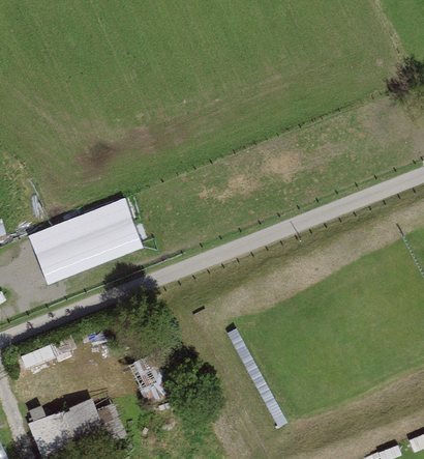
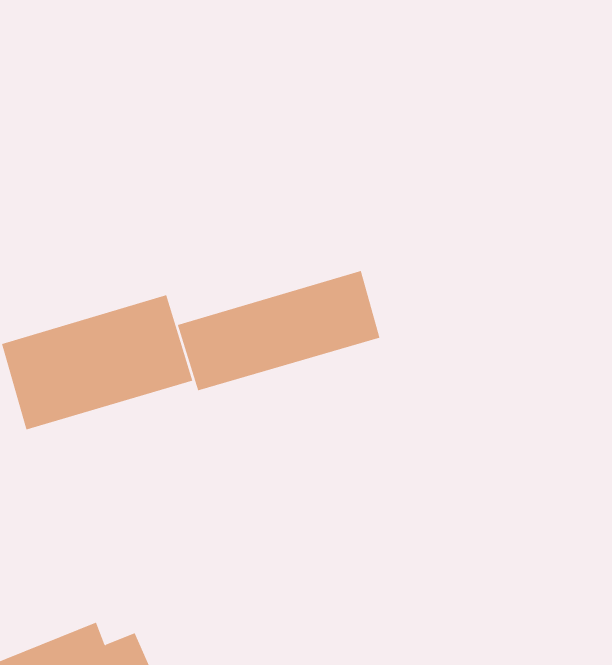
building: none -> [177,270,380,391]

